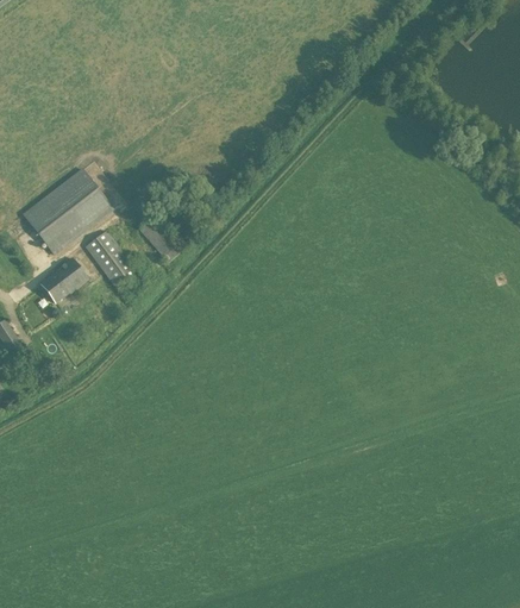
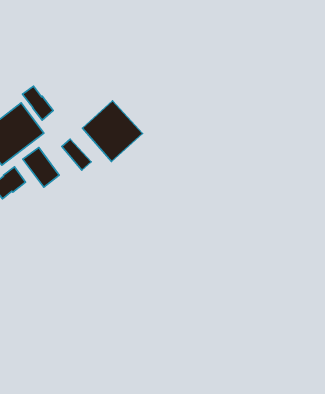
building: none -> [23,86,53,120]
building: none -> [82,101,142,161]

